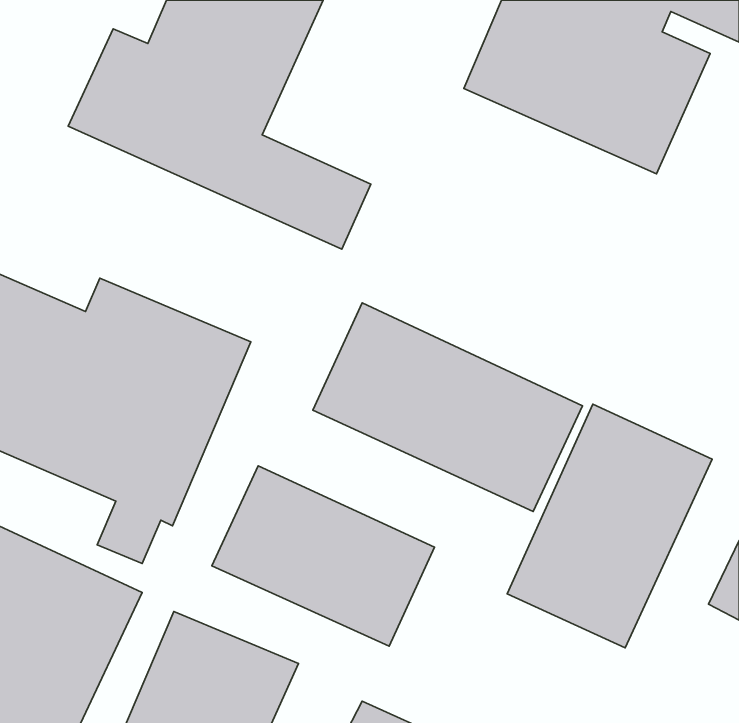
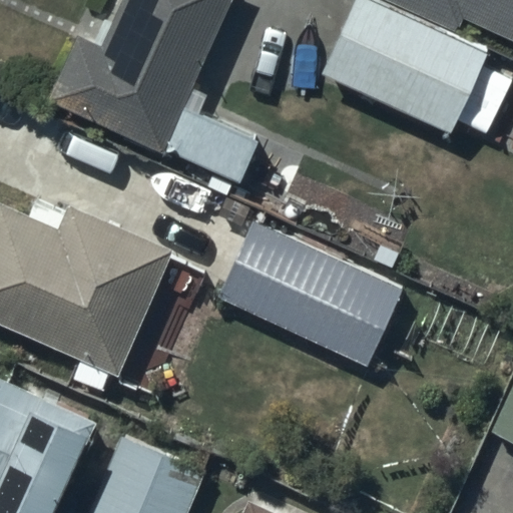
building: [507,404,712,648] -> none
building: [212,466,434,646] -> none

